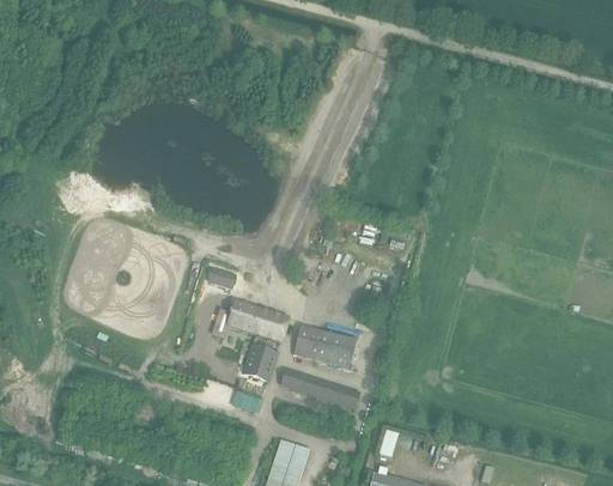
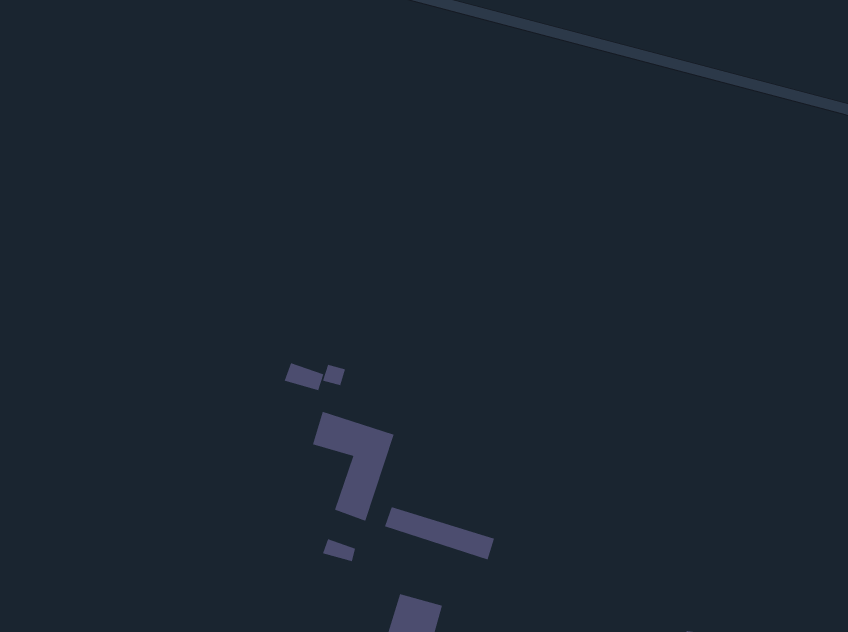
building: [290,326,352,367] -> none

